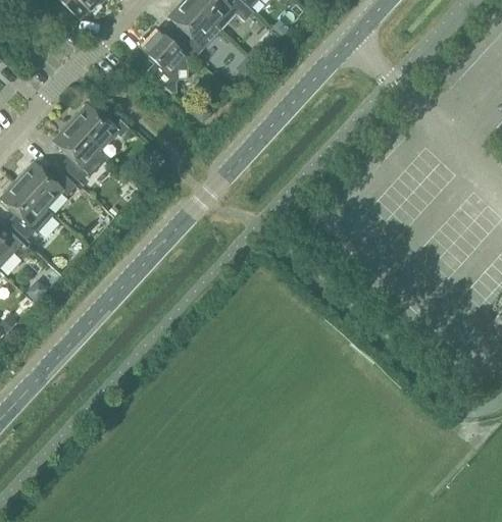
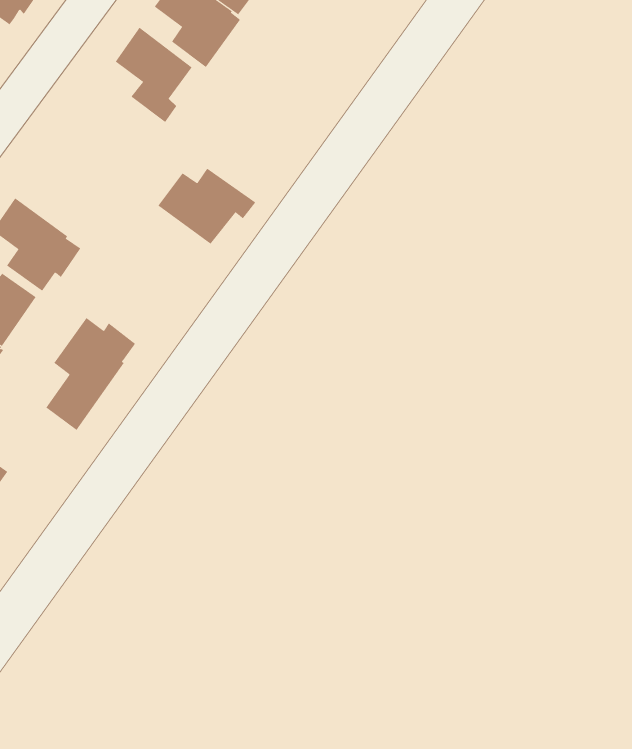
building: [70,103,131,150] -> [158,168,256,245]
building: none -> [46,317,136,431]

